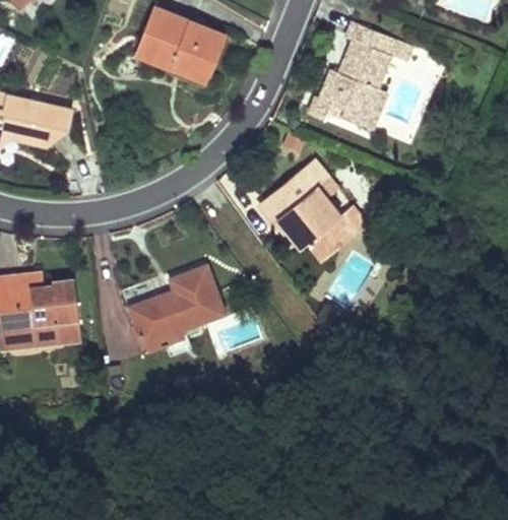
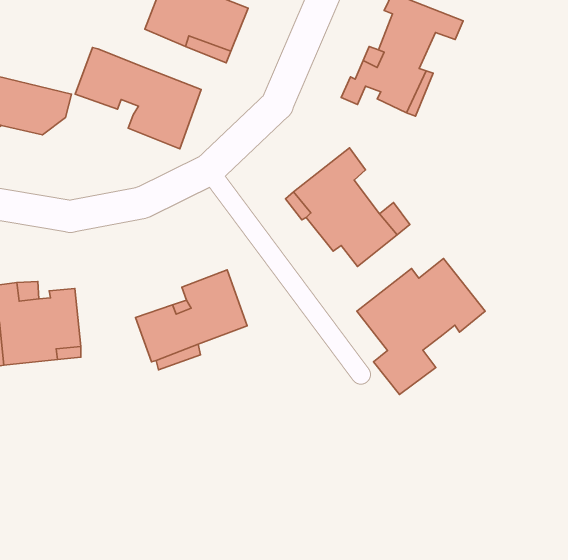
building: none -> [75,47,201,149]
building: none -> [357,258,485,394]

